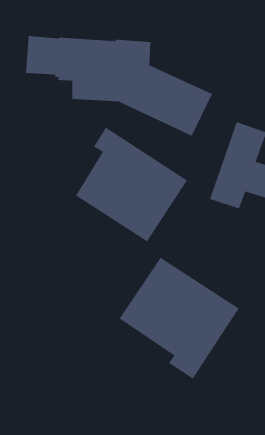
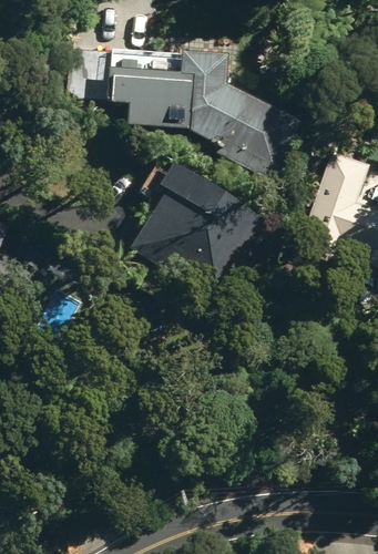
building: [119,257,239,380] -> none

